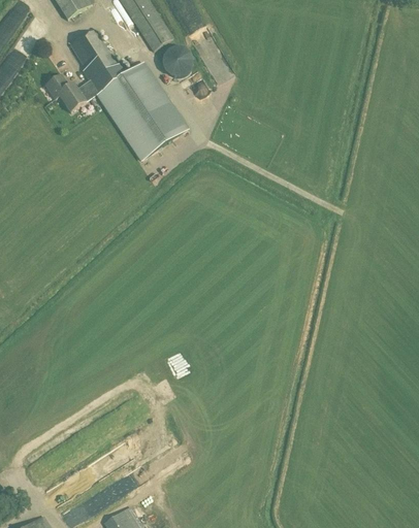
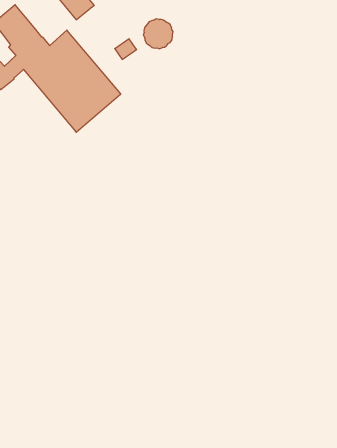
building: [161,47,191,77] -> [143,19,173,49]

